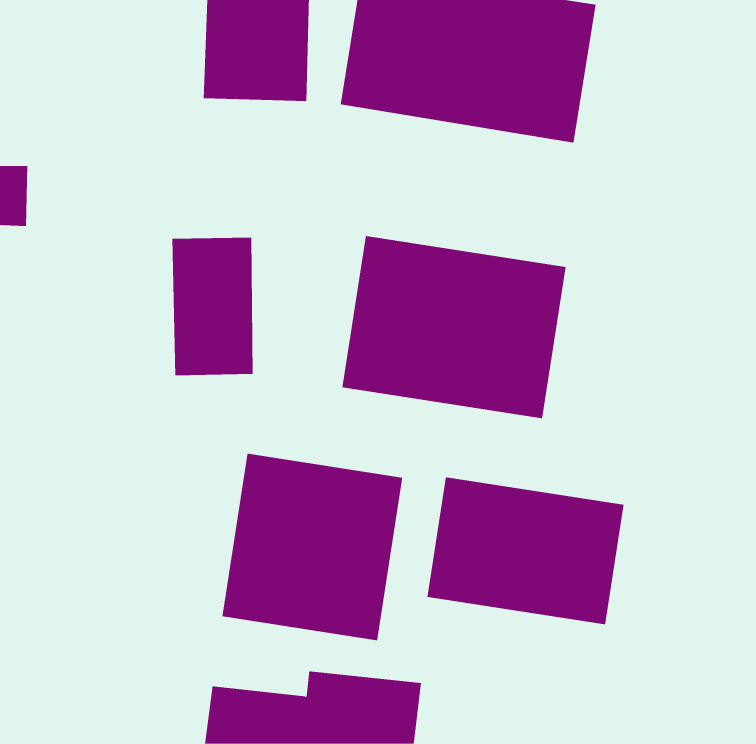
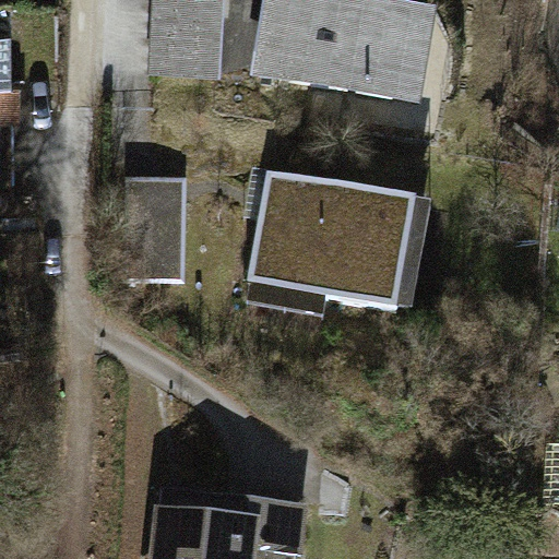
building: [222,453,403,641] -> none
building: [427,476,624,625] -> none

